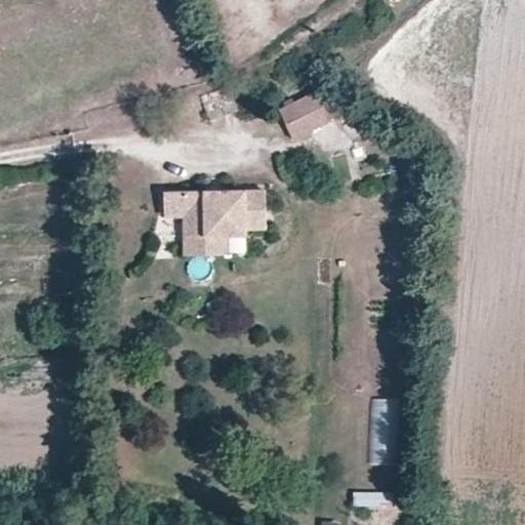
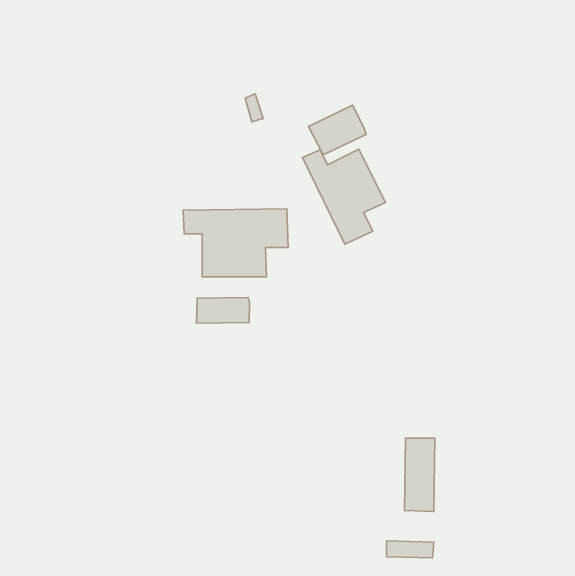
building: none -> [302,149,385,244]
building: none -> [196,297,249,323]

